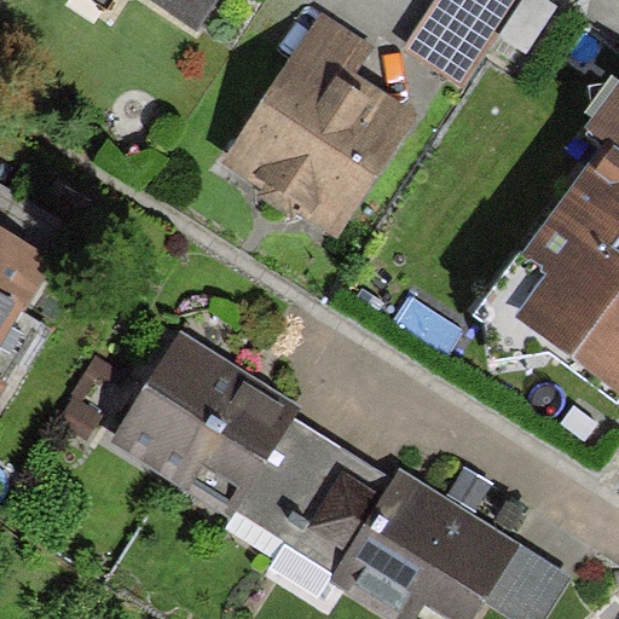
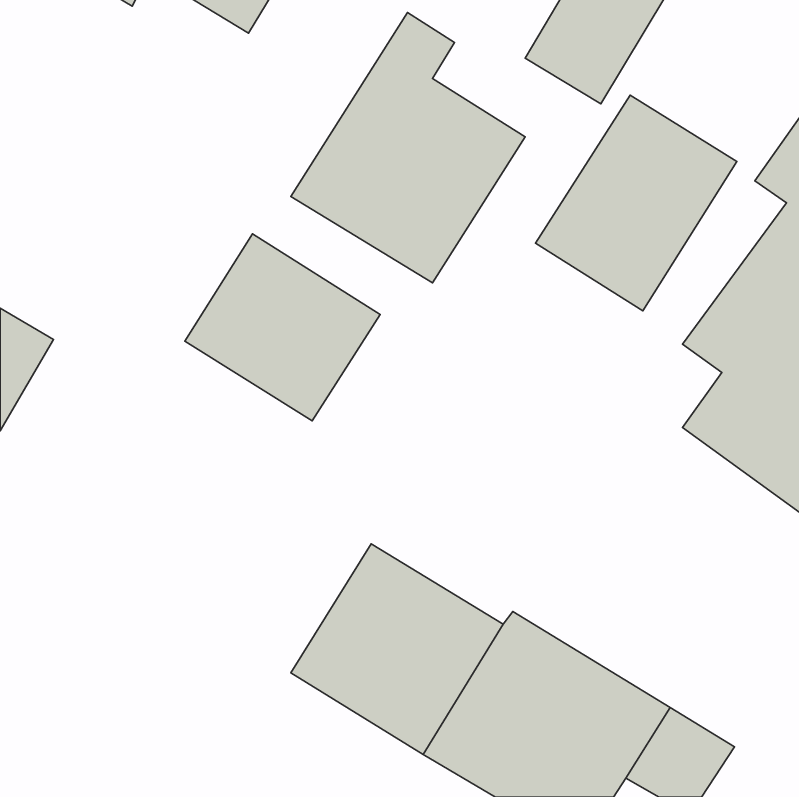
building: none -> [536,95,737,311]
building: none -> [185,234,380,421]
building: [115,336,297,517] -> none

